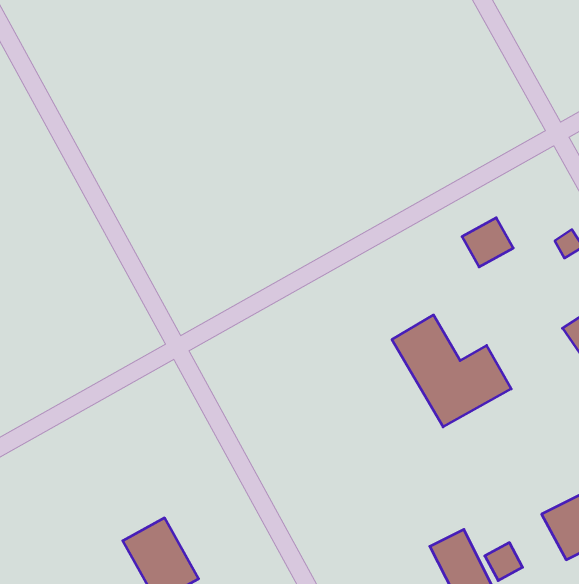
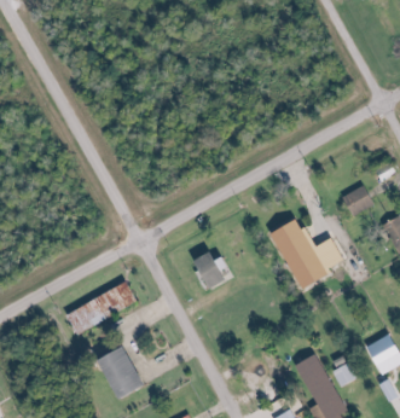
building: [462,218,513,267] -> [340,184,372,215]
building: none -> [196,251,225,288]
building: none -> [63,283,135,332]

